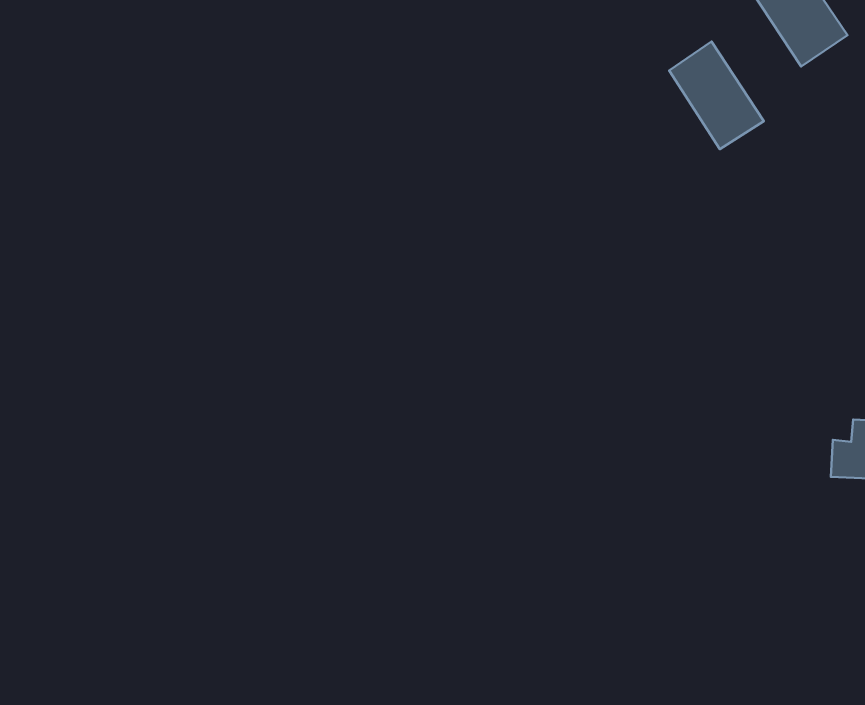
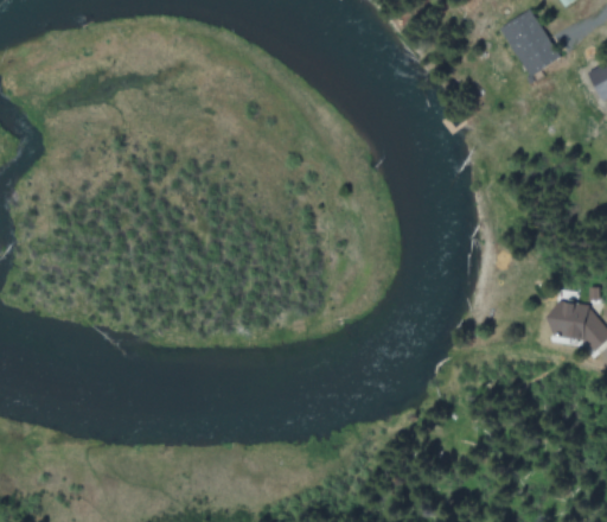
building: [669,42,764,149] -> none

